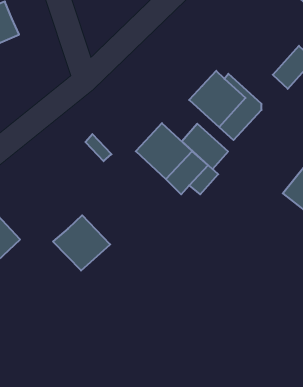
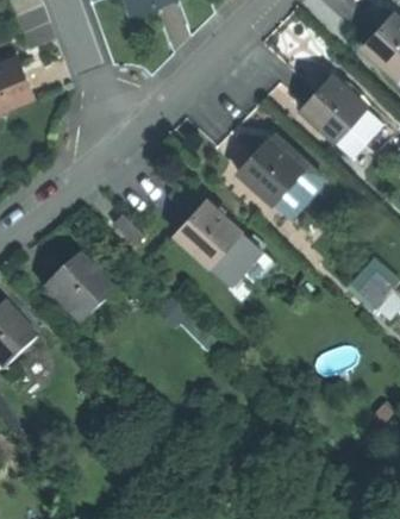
building: none -> [299,75,365,142]
building: [182,124,228,169] -> none
building: [53,215,110,271] -> [45,256,113,321]

